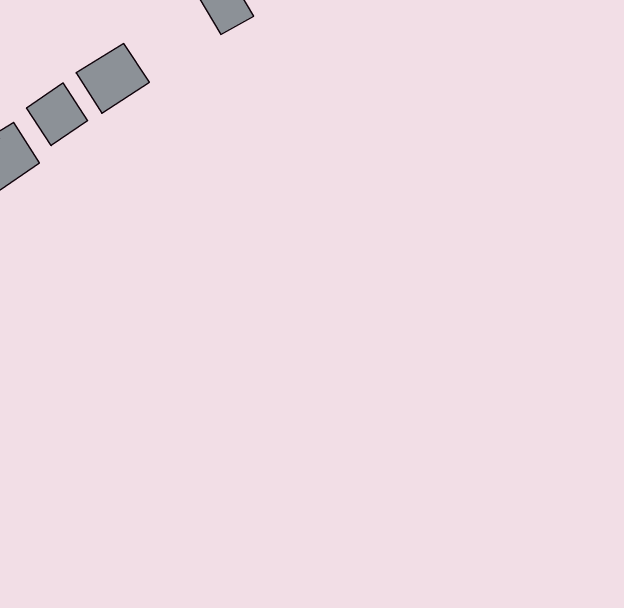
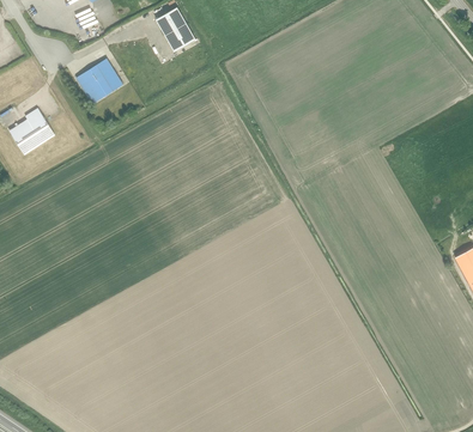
building: [27,83,88,146] -> none

